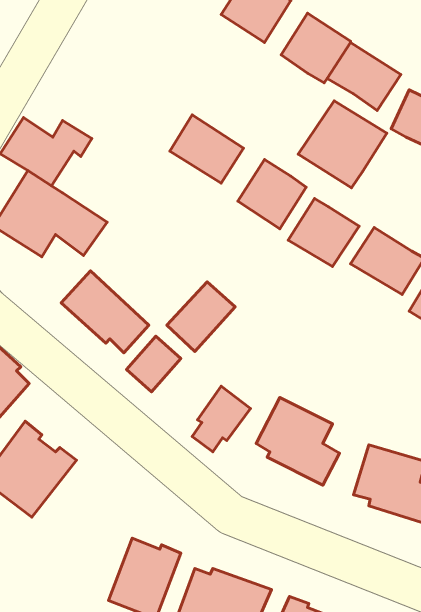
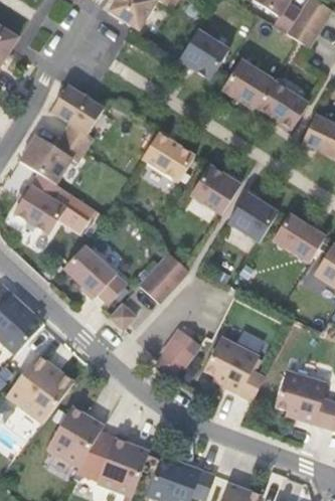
building: none -> [51,85,105,149]
building: [298,101,387,188] -> none
building: none -> [47,405,105,467]

